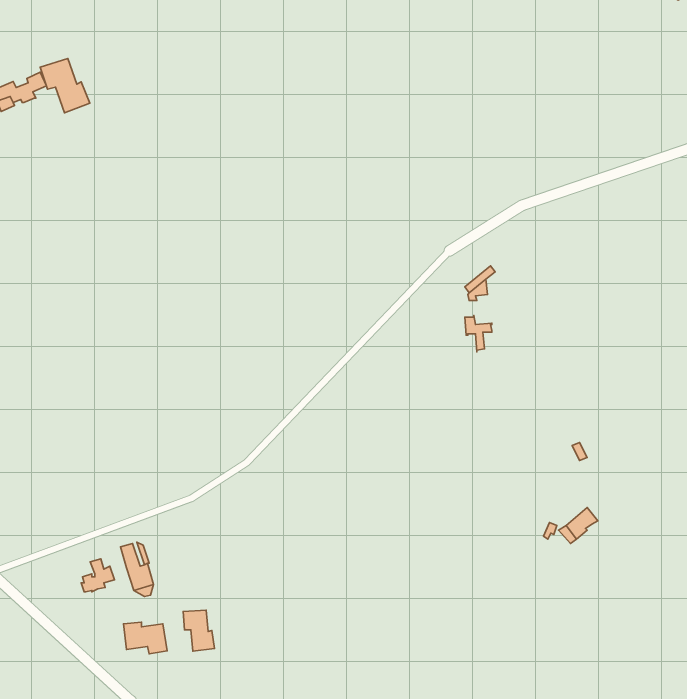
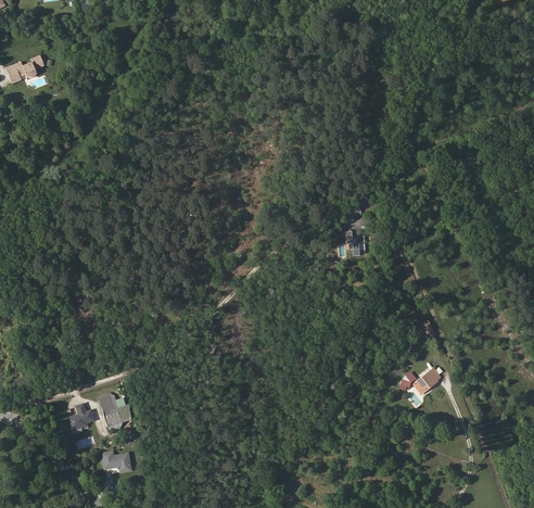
building: [40,59,90,113] -> none
building: [183,610,214,651] -> none

